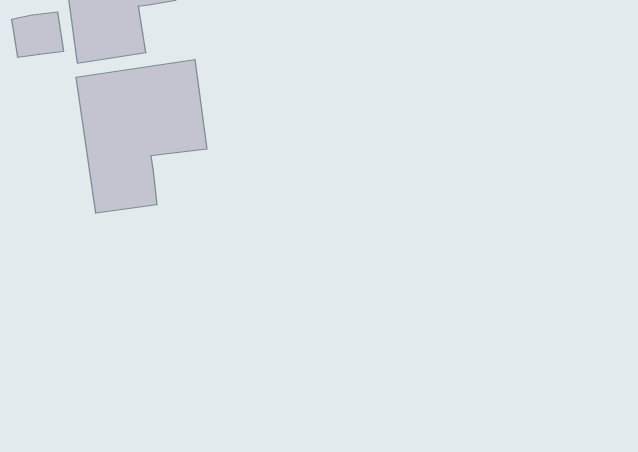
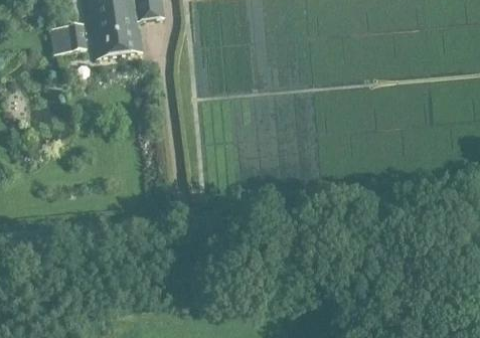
building: [76,59,207,213] -> none

